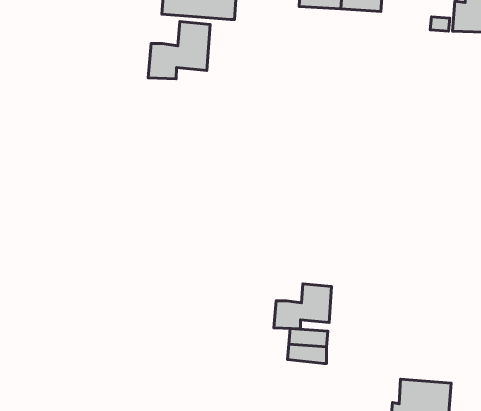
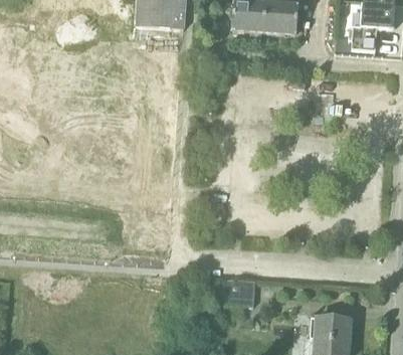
building: [148,21,210,79] -> none
building: [274,284,332,329] -> none

